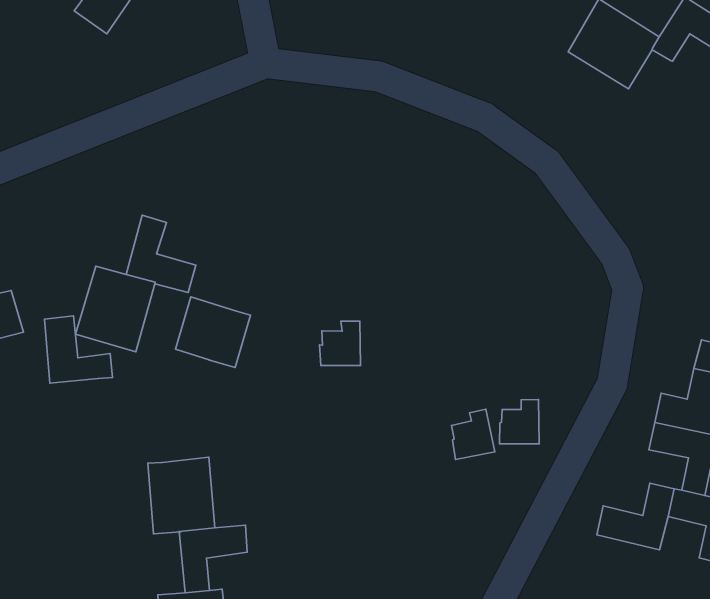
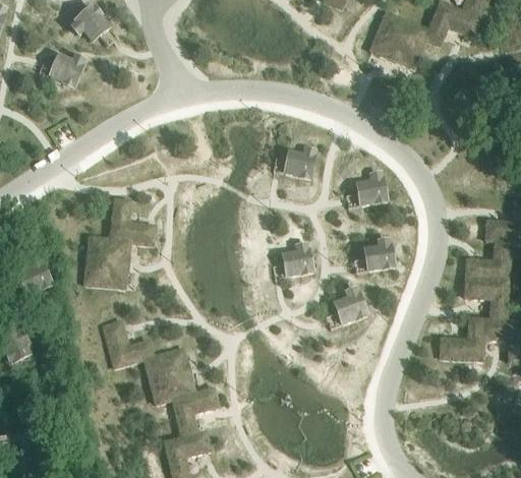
building: none -> [284,147,314,178]
building: none -> [357,173,385,205]
building: [176,297,251,367] -> none
building: [44,316,113,383] -> [103,320,153,366]
building: [319,321,360,366] -> [283,243,311,276]
building: [500,400,539,444] -> [365,239,393,272]

